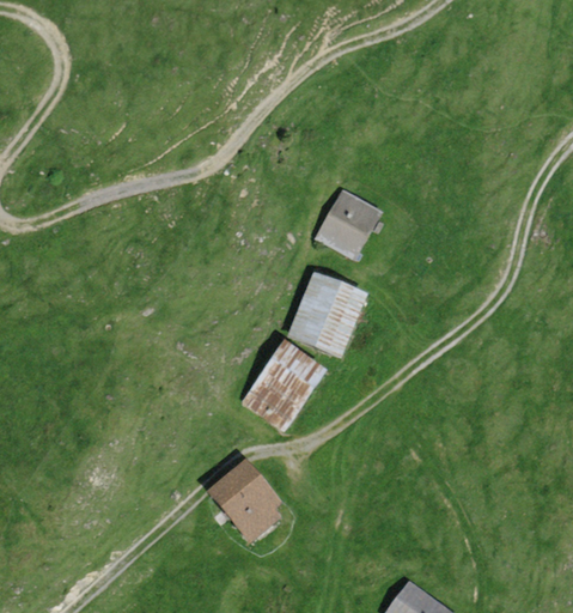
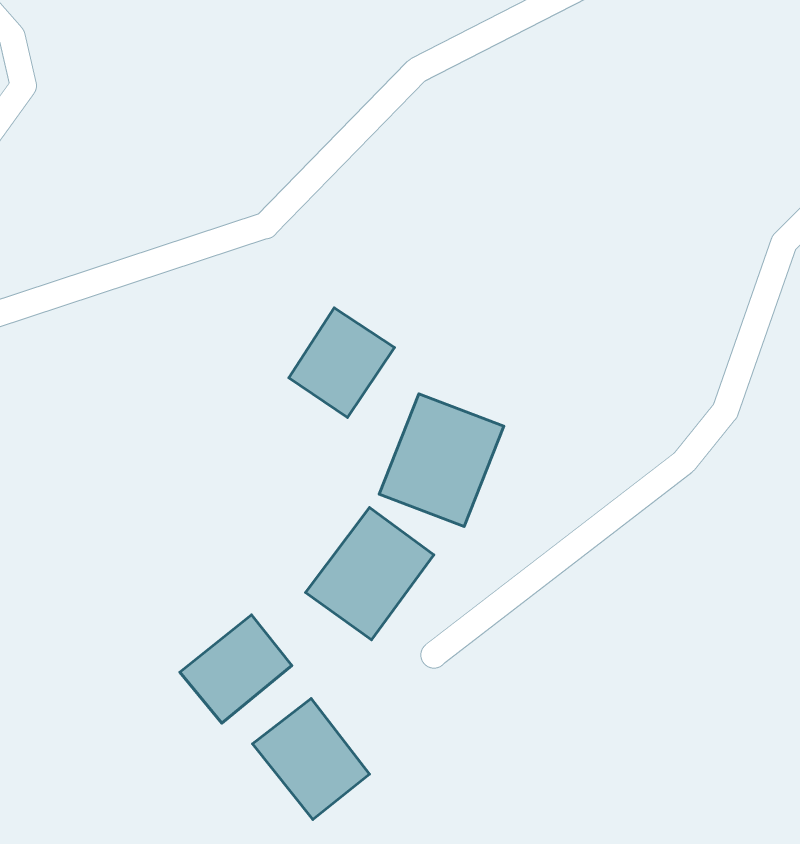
building: [315,188,382,257] -> [289,308,395,418]
building: none -> [180,615,292,723]

